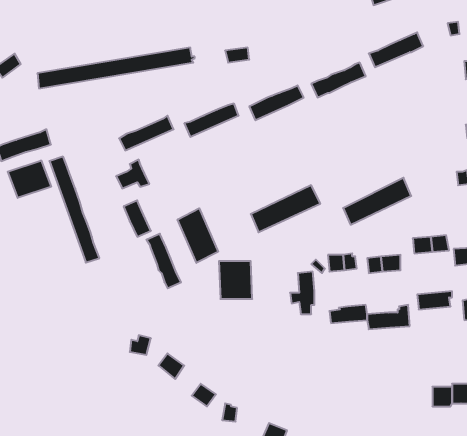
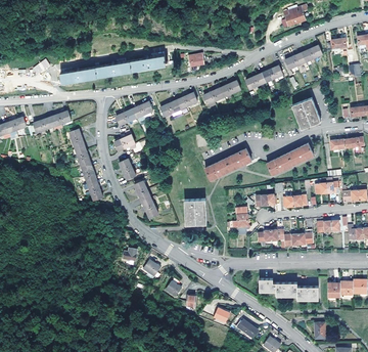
building: none -> [292,98,321,129]
building: [8,160,51,198] -> none
building: [178,208,218,263] -> none
building: none -> [259,279,318,301]

